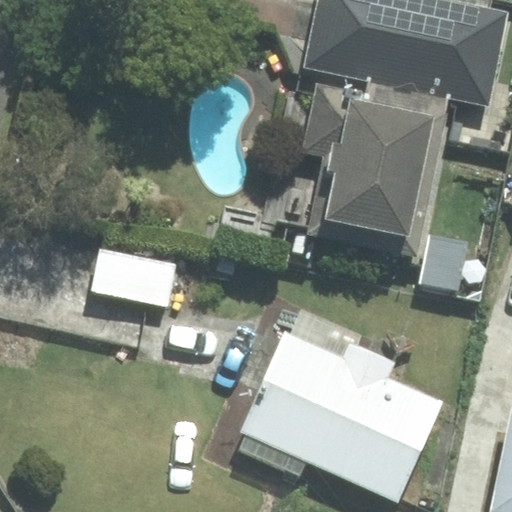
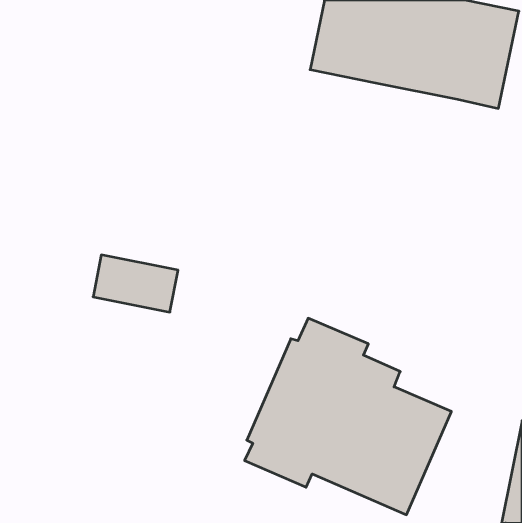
building: [301,81,448,257] -> none

